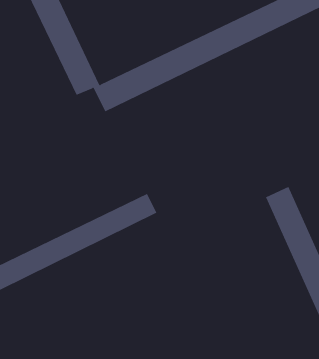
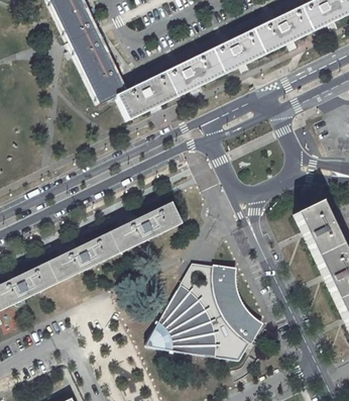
building: none -> [148,262,265,361]

